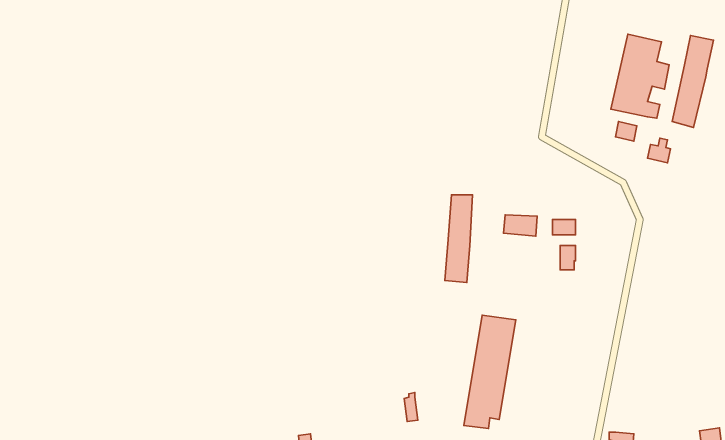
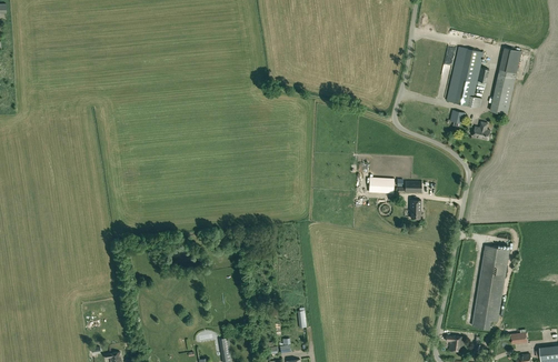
building: [445,195,472,282] -> none
building: [464,315,516,429] -> [471,245,509,328]

